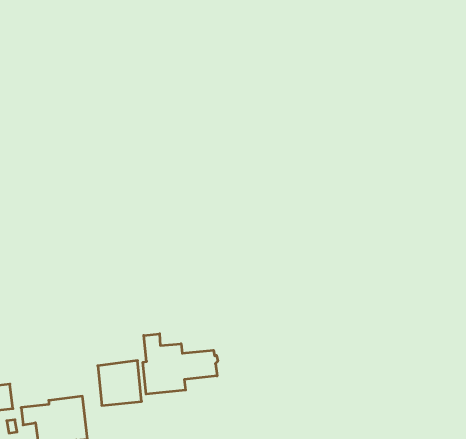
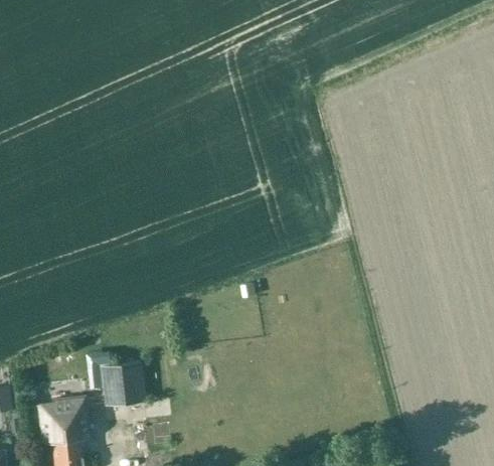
building: [143,334,218,394] -> none

